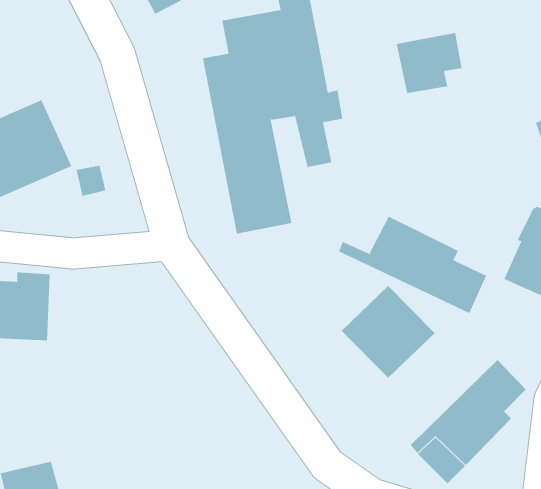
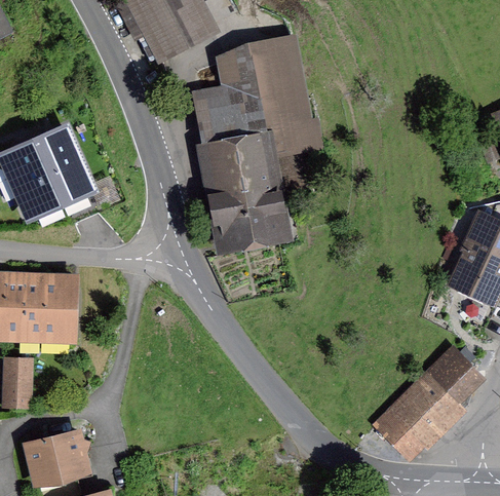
building: [396,32,462,94] -> none
building: [338,216,487,314] -> none
building: [341,285,436,379] -> none

